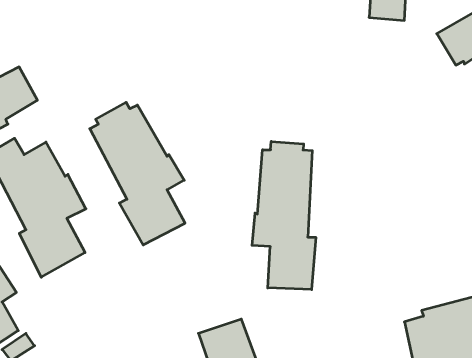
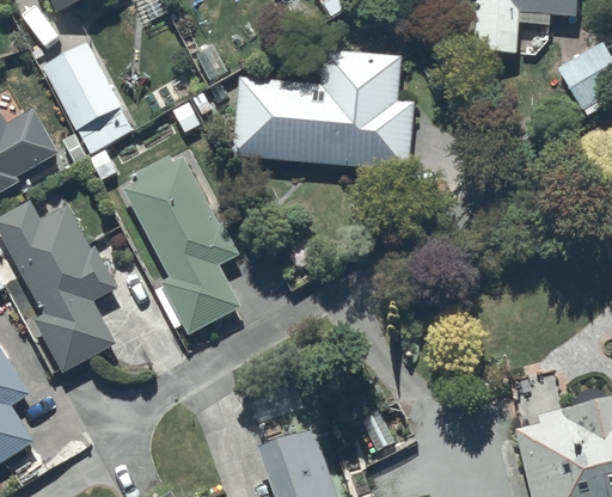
building: none -> [41,39,134,153]
building: none -> [231,50,412,168]
building: [252,141,316,290] -> none

